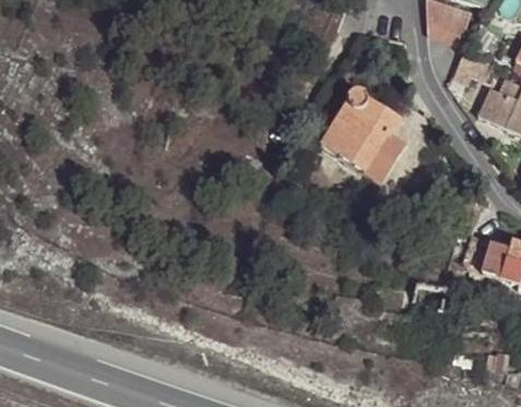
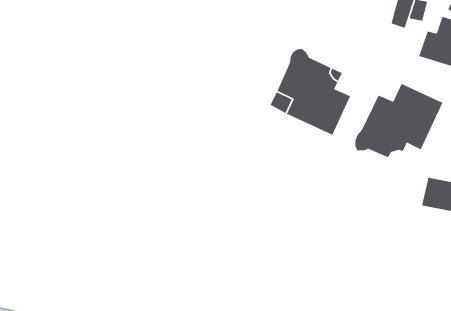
building: none -> [355,83,444,158]

